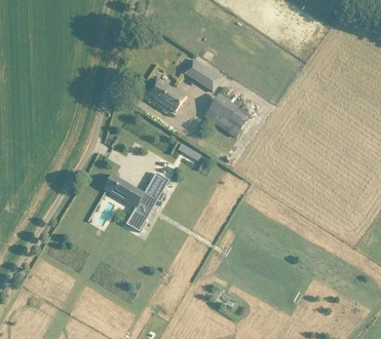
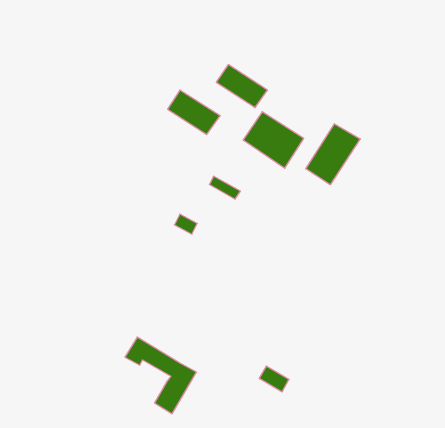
building: none -> [306,124,360,185]
building: [103,174,157,232] -> [125,337,196,414]

